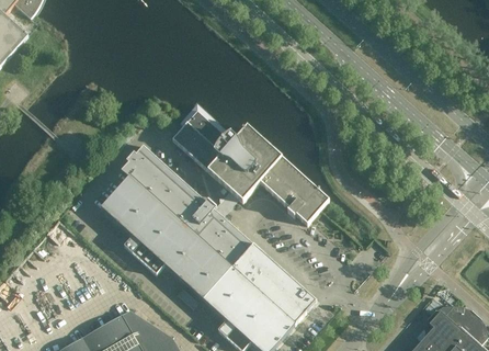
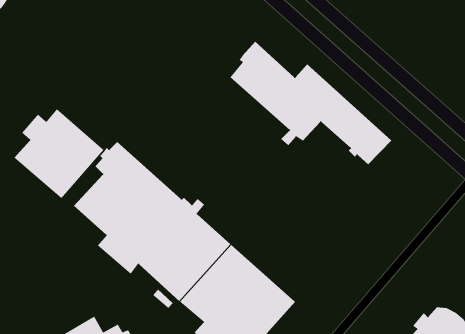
building: [171,104,329,225] -> [229,41,392,165]
building: none -> [14,108,105,199]

